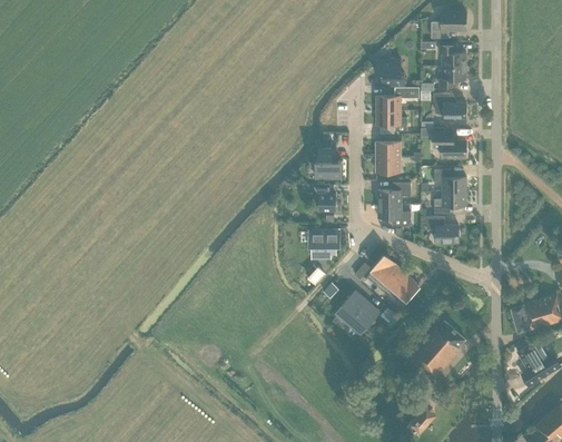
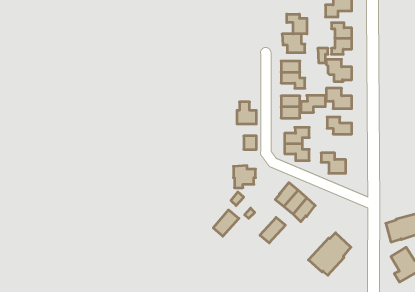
building: none -> [287,14,307,34]
building: [434,191,466,214] -> [301,95,325,112]
building: [334,289,367,324] -> [213,210,239,236]

